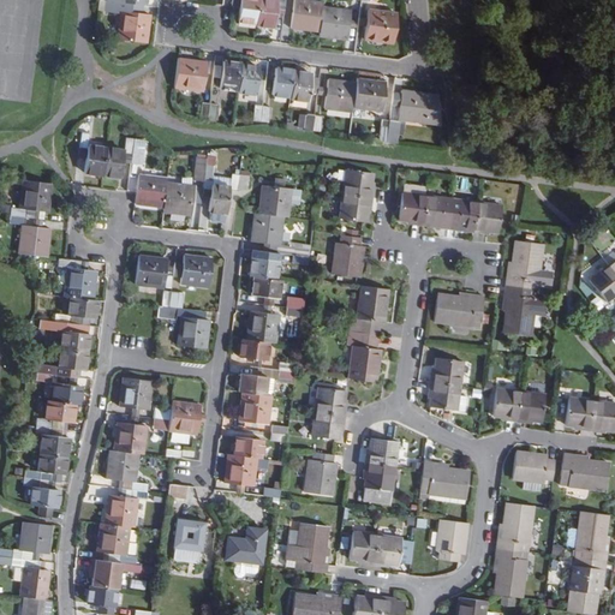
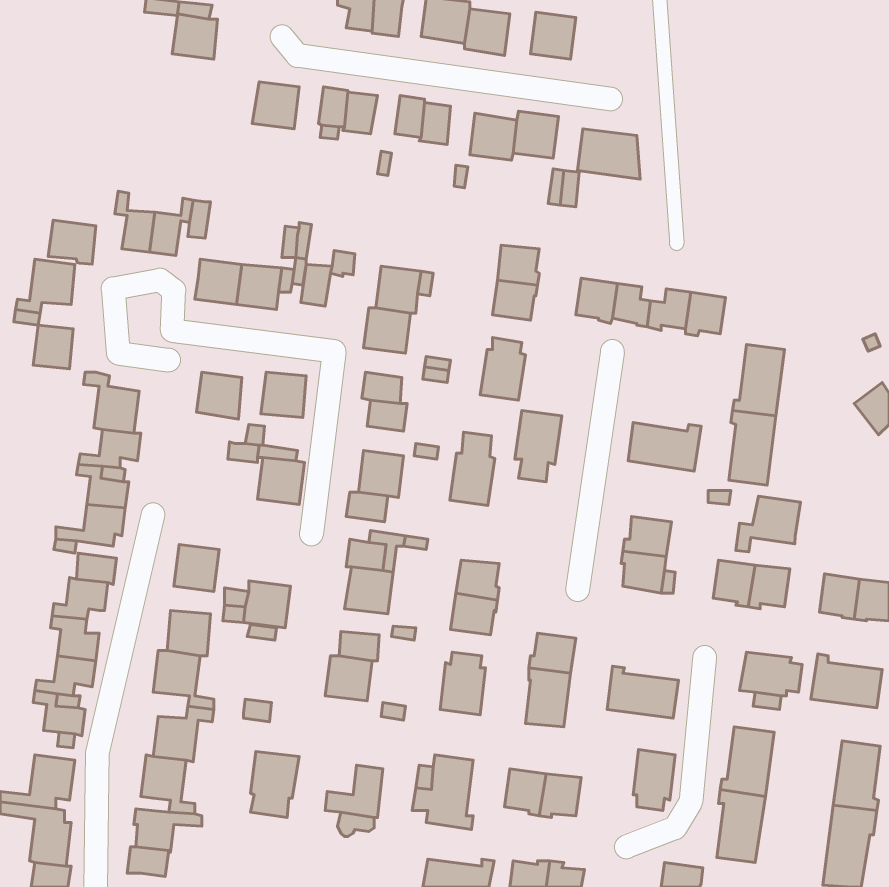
building: none -> [48,220,96,264]
building: [348,330,380,381] -> [450,432,495,505]
building: none -> [736,496,801,552]

